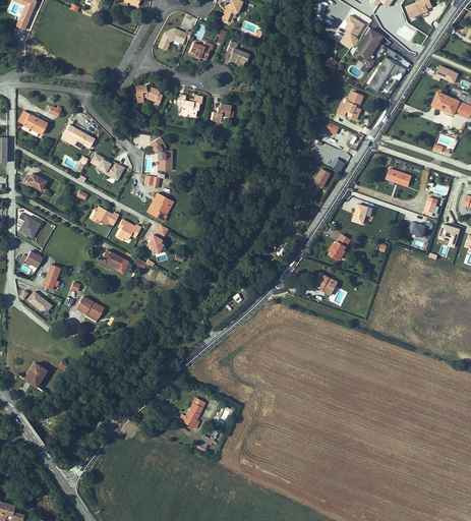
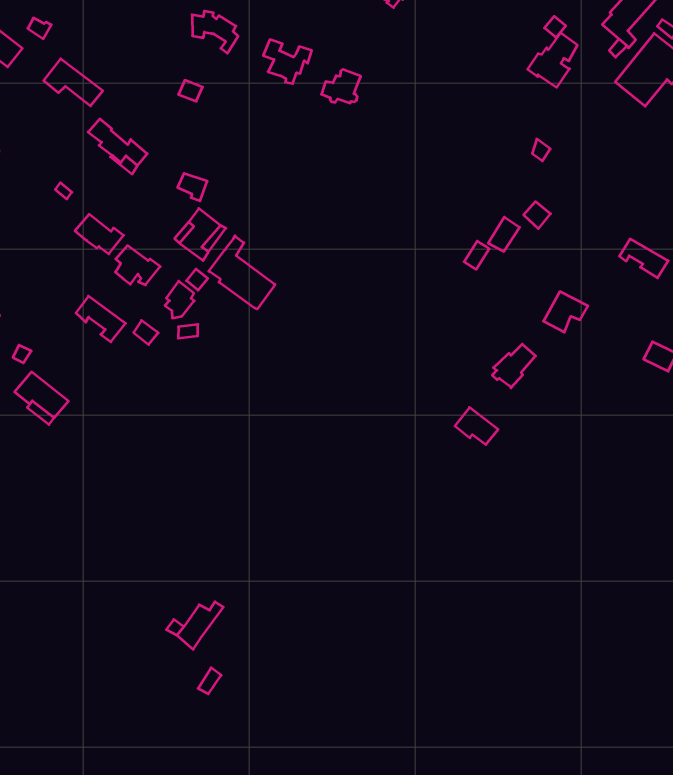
building: [339,92,363,121] -> [528,33,577,87]
building: [150,138,172,171] -> none
building: none -> [209,236,275,309]

